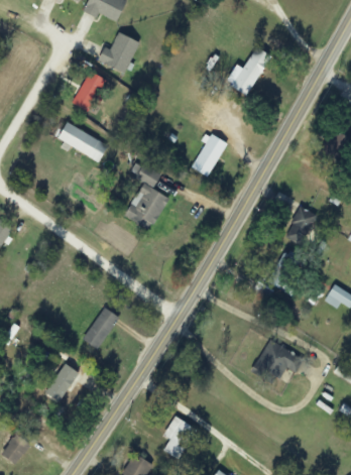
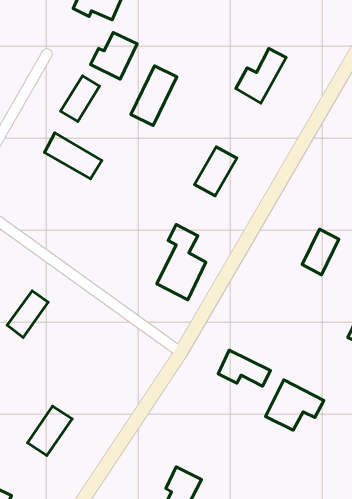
building: none -> [131,66,177,125]
building: [125,163,168,230] -> [157,224,206,300]
building: [83,308,119,349] -> [7,291,48,338]
building: none -> [218,350,270,386]

